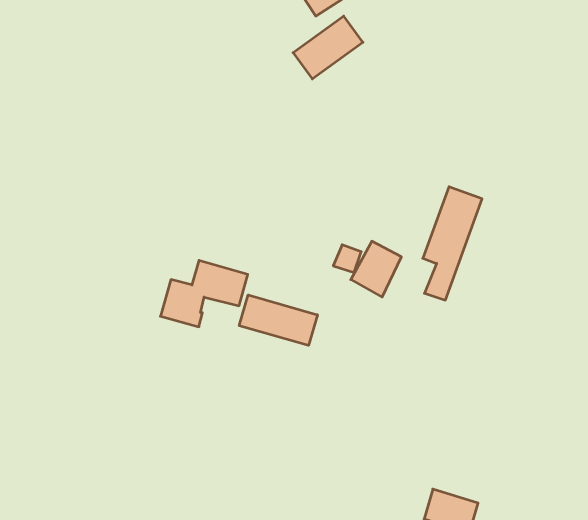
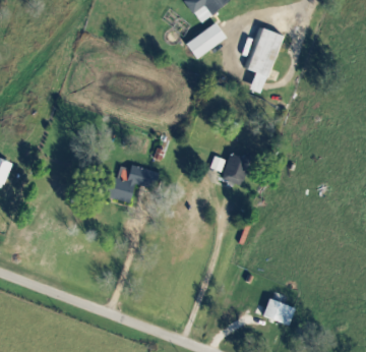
building: [423,187,482,300] -> [248,27,283,94]
building: [239,295,317,345] -> none

